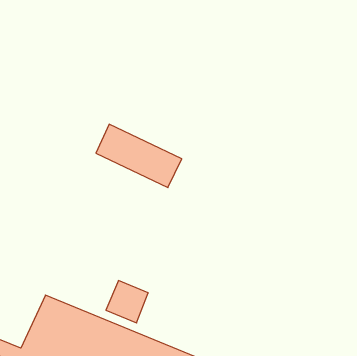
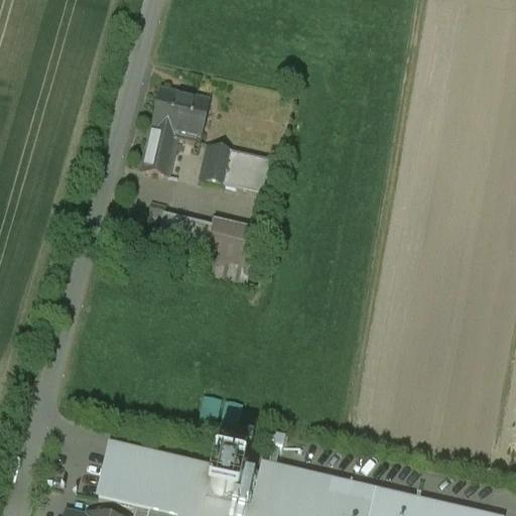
building: none -> [142,95,210,180]
building: none -> [199,149,274,196]

